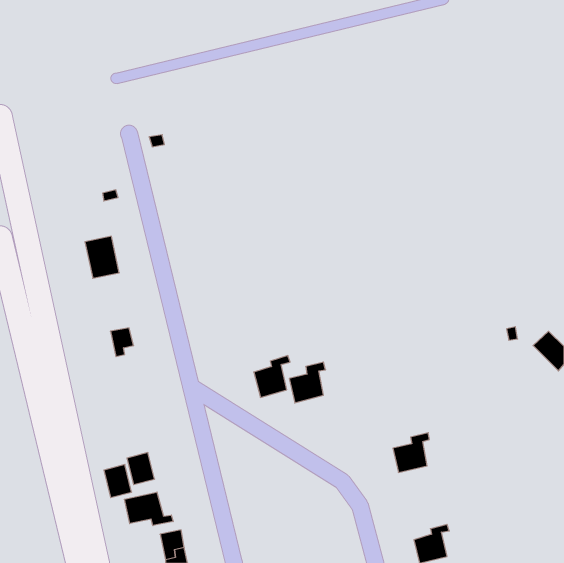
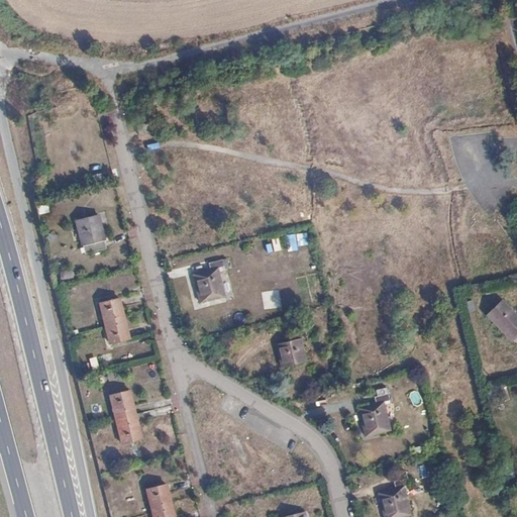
building: none -> [106,316,128,344]
building: [254,356,290,397] -> [199,264,232,302]
building: [104,464,132,498] -> [110,389,135,419]
building: [124,492,173,526] -> none

